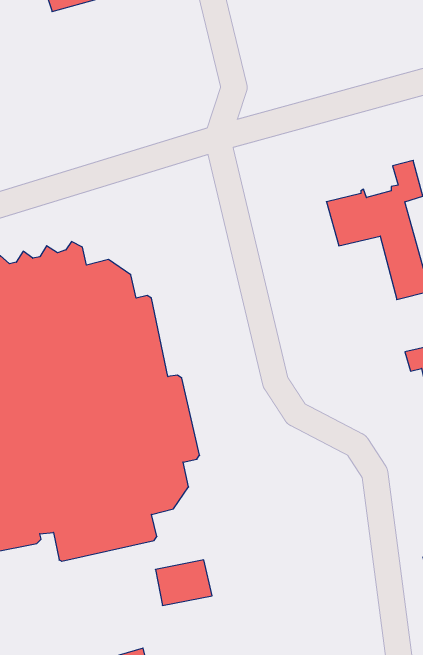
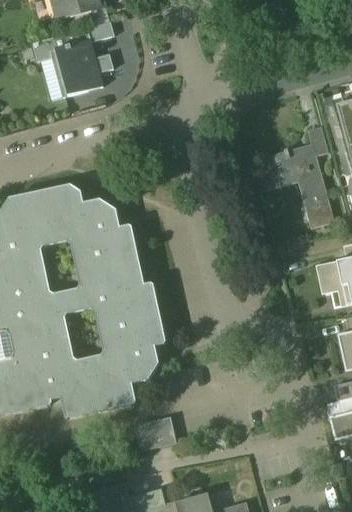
building: none -> [31,21,113,95]

